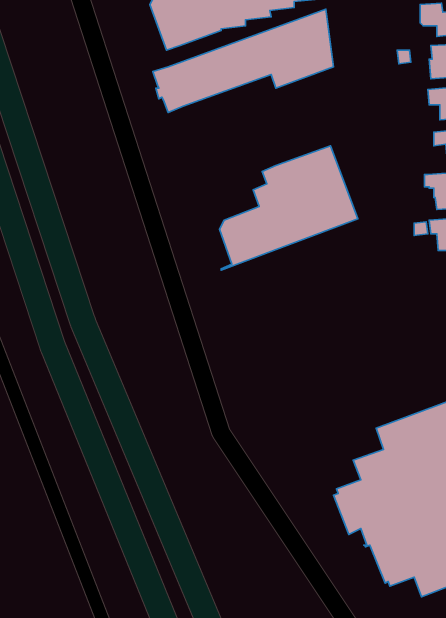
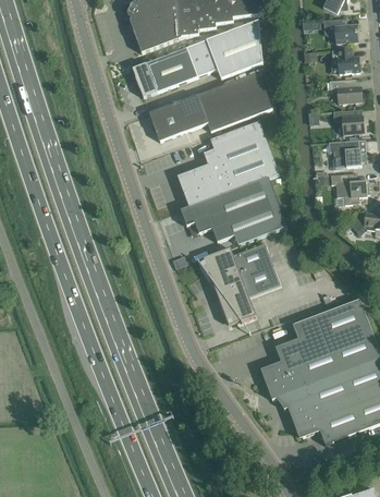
building: none -> [148,71,271,142]
building: none -> [180,173,285,244]
building: none -> [196,243,279,324]

